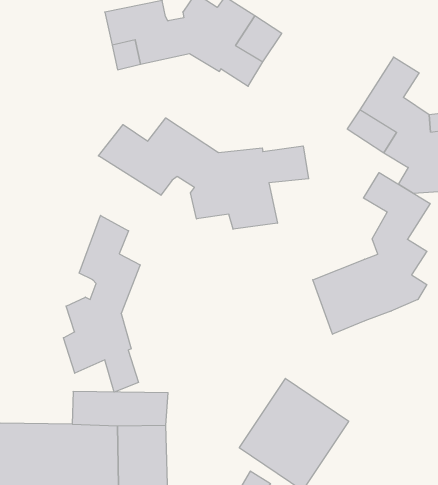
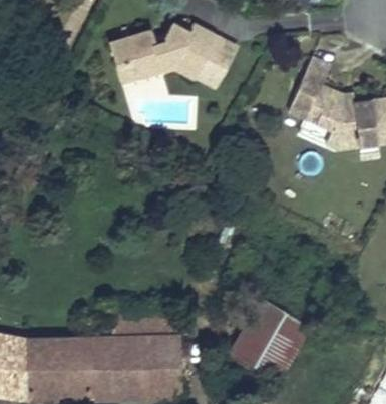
building: [98,118,309,229] -> none
building: [313,173,430,334] -> none
building: [63,215,140,392] -> none

